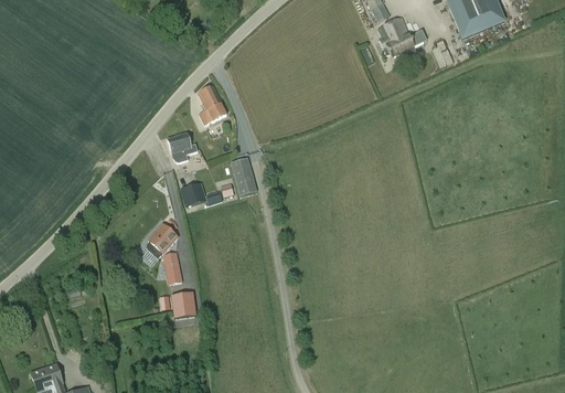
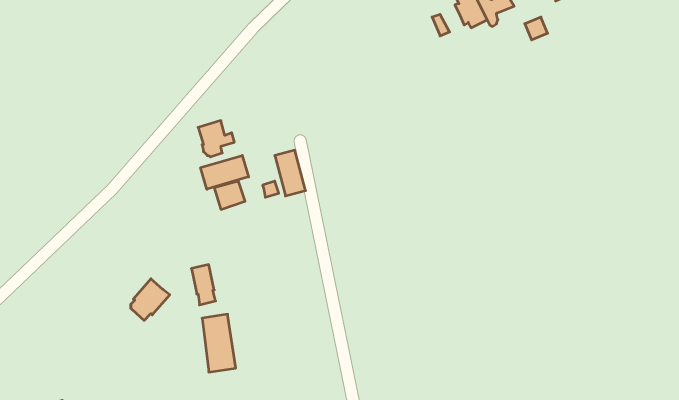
building: [198,86,226,124] -> none
building: none -> [201,155,249,189]
building: [146,223,178,257] -> [131,279,170,320]

